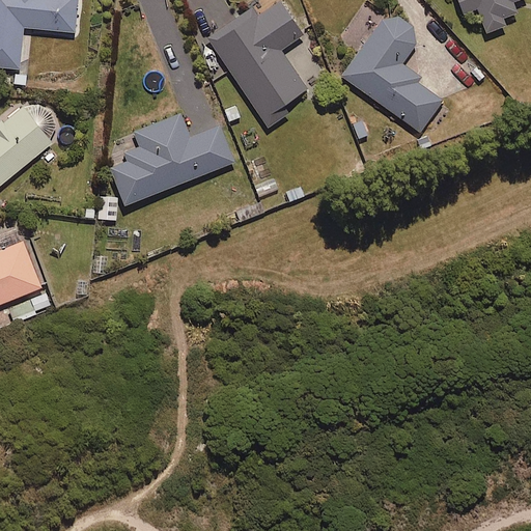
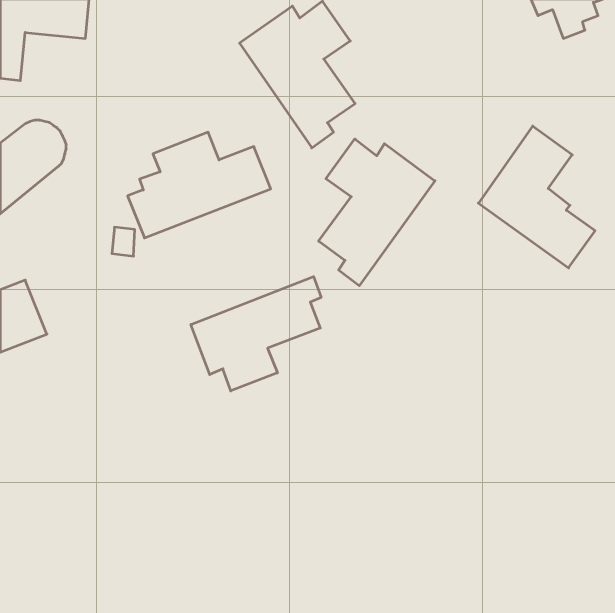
building: [341,9,442,132] -> [478,126,595,268]
building: none -> [319,139,435,286]
building: none -> [191,277,321,391]

